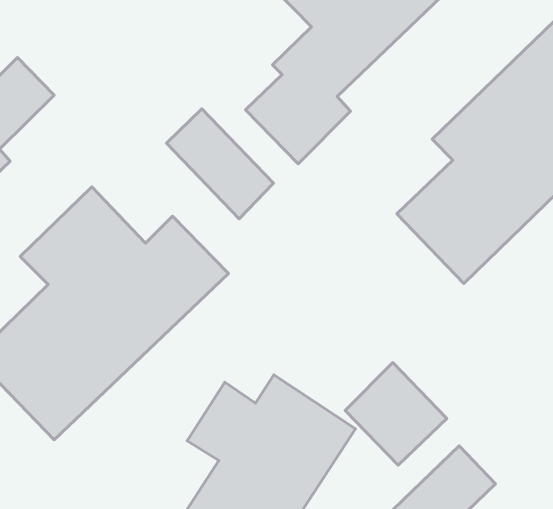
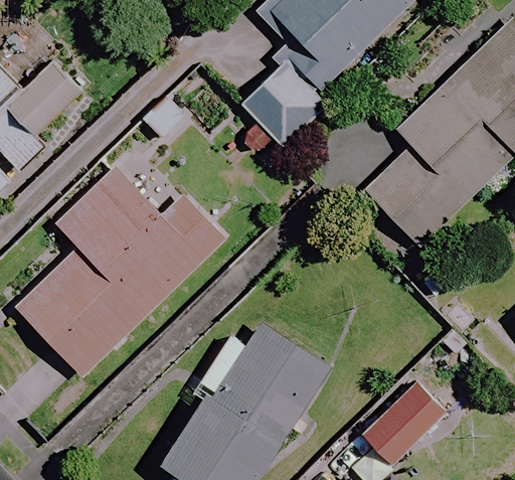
building: [166,109,273,219] -> none
building: [345,363,447,465] -> none

